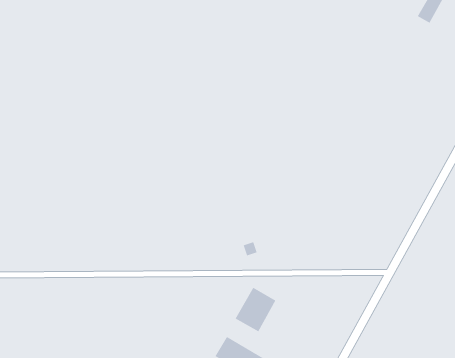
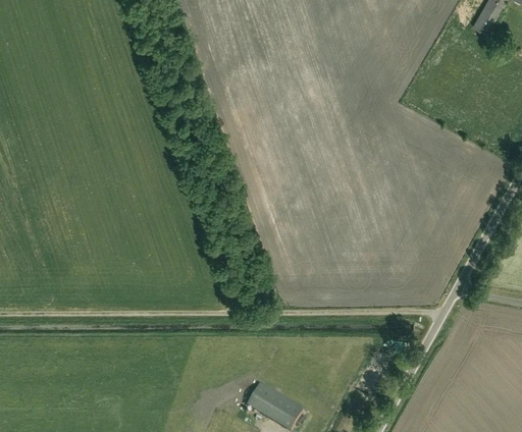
building: [235,287,276,332] -> none

